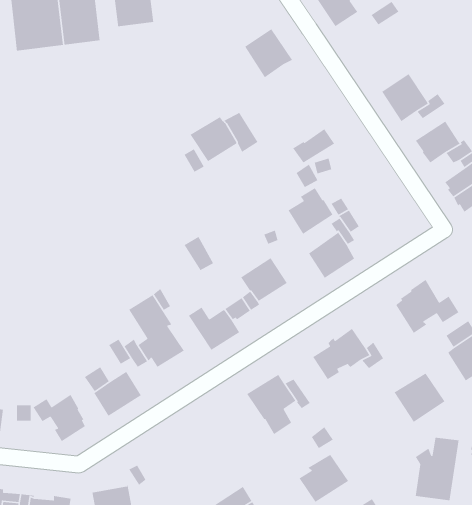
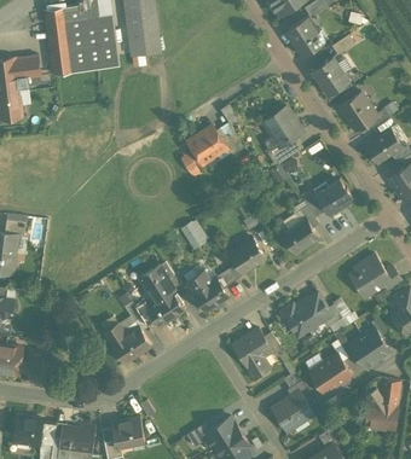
building: [244,28,293,79] -> [262,108,301,147]
building: none -> [312,58,348,95]
building: [287,187,333,235] -> [317,180,353,217]
building: [33,394,86,442] -> none
building: none -> [308,354,351,394]

